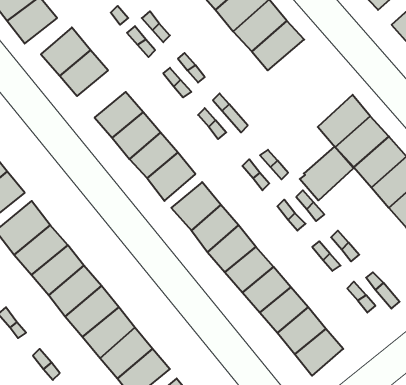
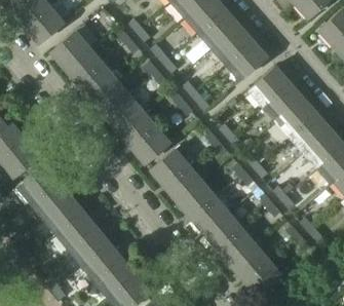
building: none -> [225,40,267,80]
building: none -> [79,64,116,100]
building: [300,147,353,200] -> [249,66,290,107]

